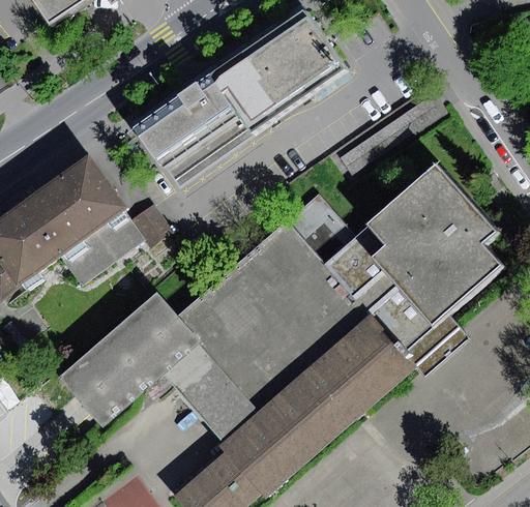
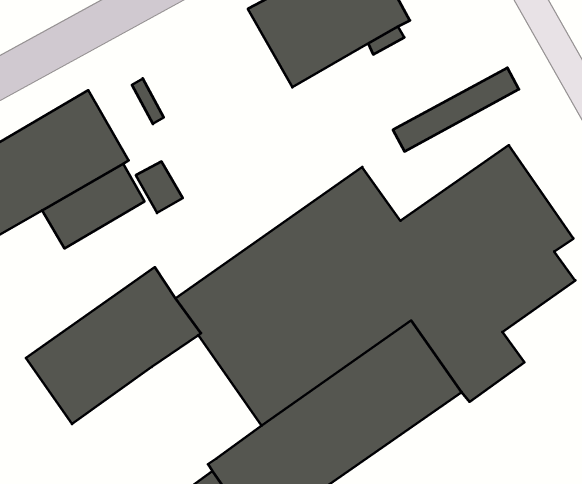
building: [132,73,253,185] -> none
building: [163,345,258,444] -> none

